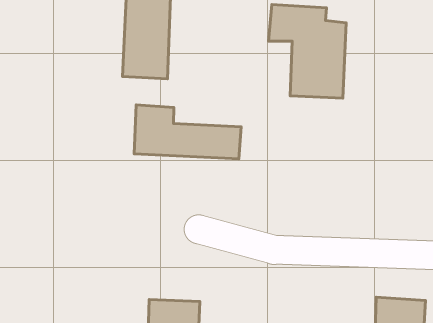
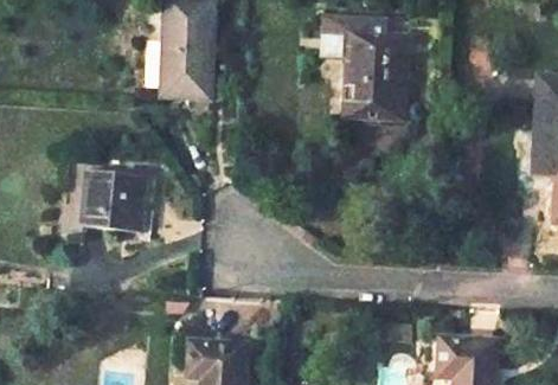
building: [134,105,241,159] -> none
building: none -> [82,171,142,232]

